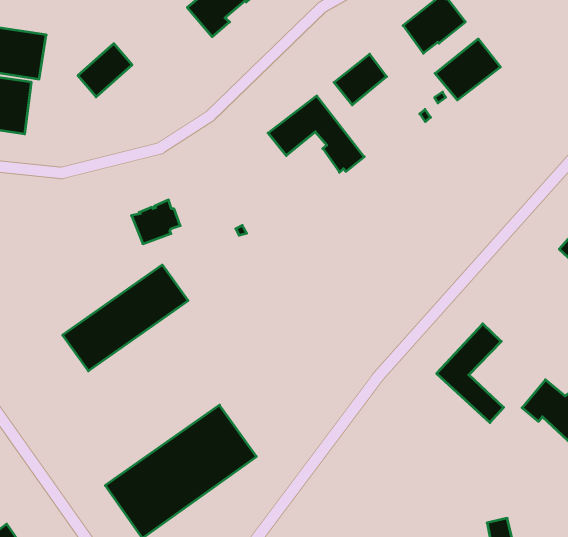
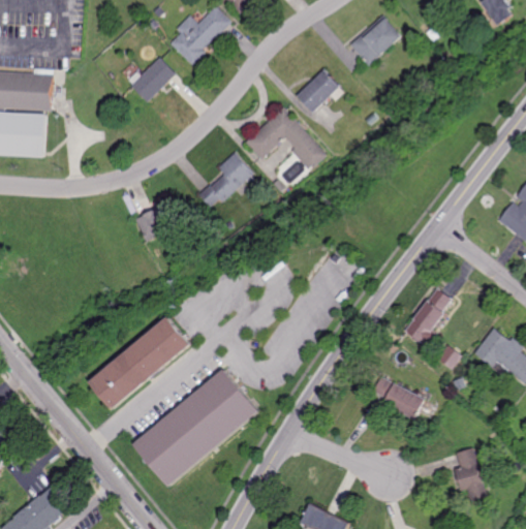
building: [435,39,500,100] -> none
building: [78,44,132,97] -> [131,57,176,102]
building: none -> [198,152,253,207]
building: [63,265,188,371] -> [87,316,189,409]
building: none -> [373,377,423,419]

